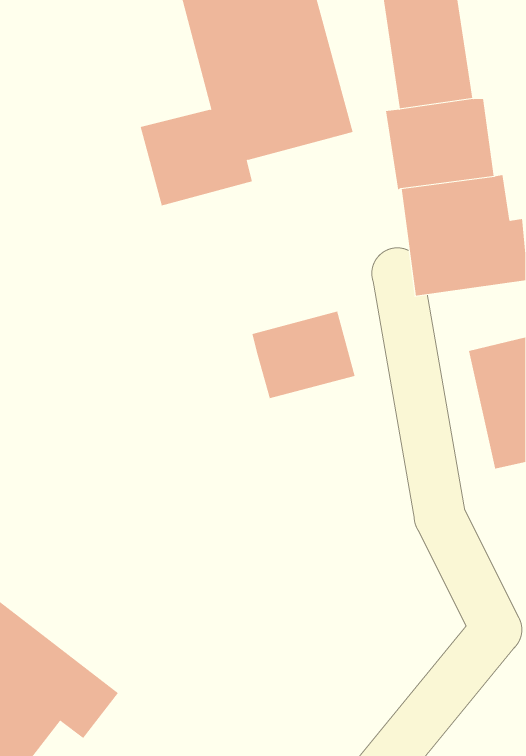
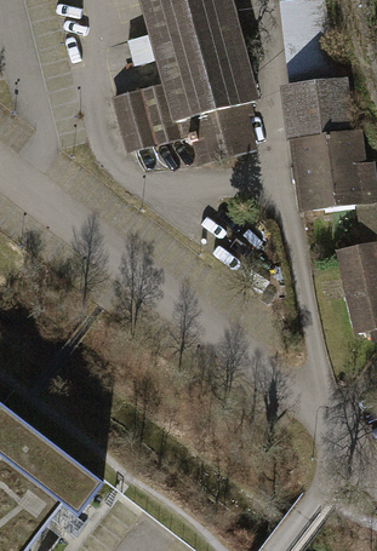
building: [251,311,355,399] -> [185,104,257,165]

